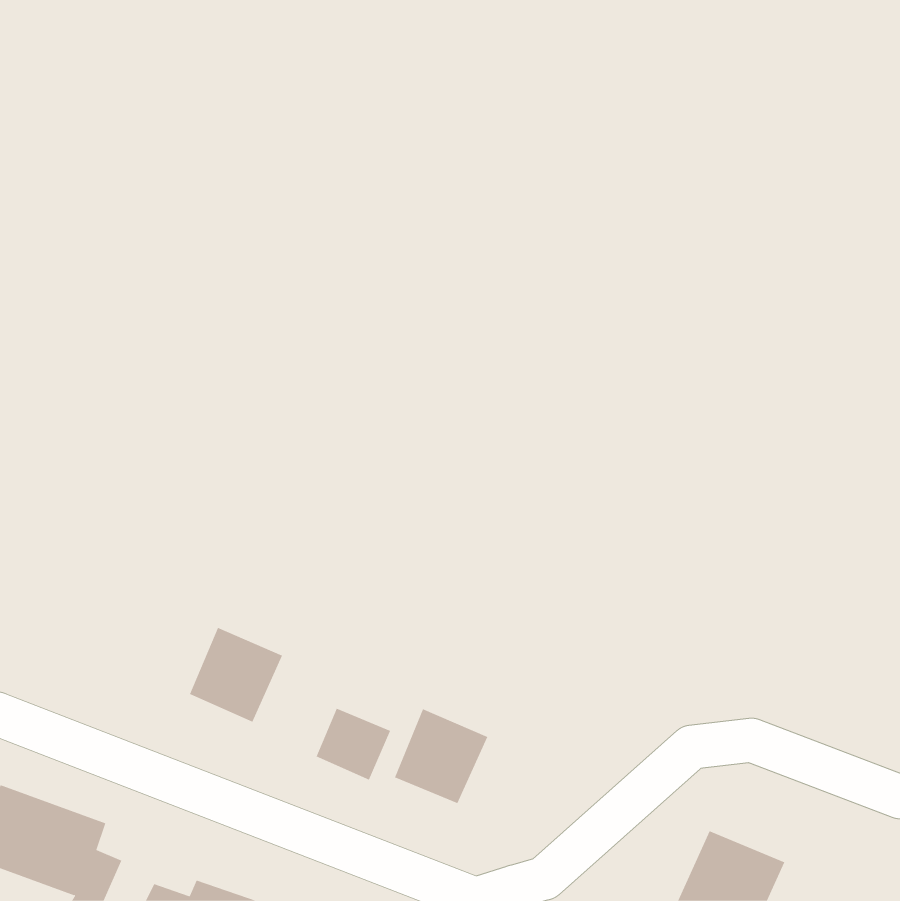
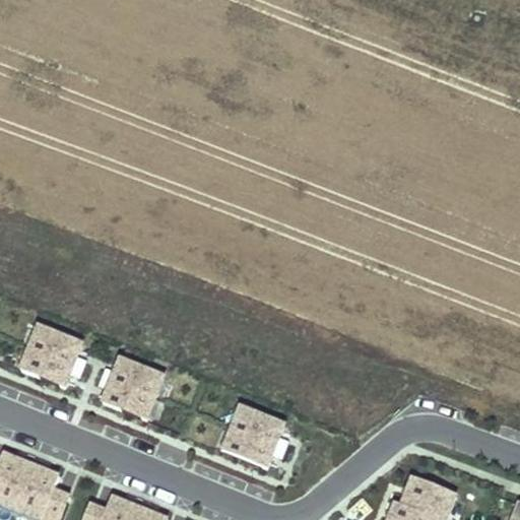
building: none -> [23,327,77,382]
building: [316,708,391,781] -> none

